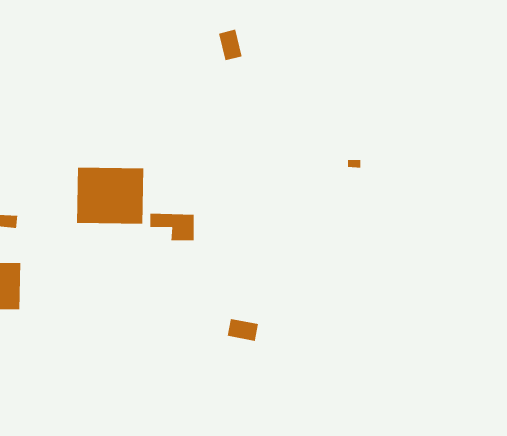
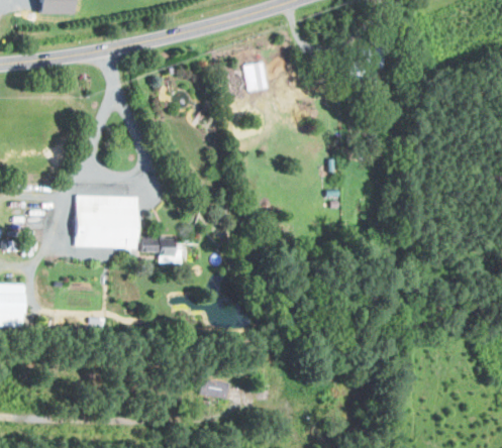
building: [218,29,242,61] -> [244,62,267,91]
building: [227,318,259,341] -> [198,377,227,399]

